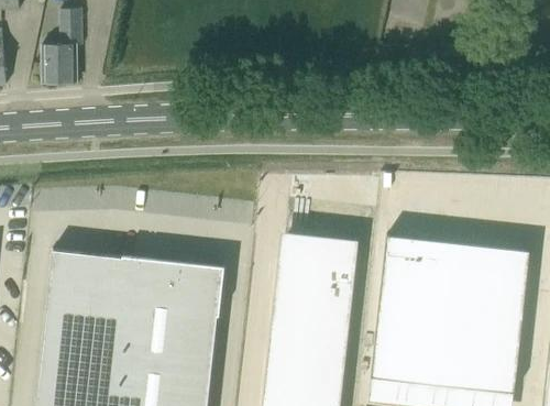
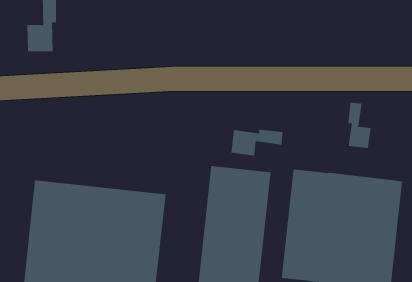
building: none -> [348,102,371,149]
building: none -> [231,129,283,156]

